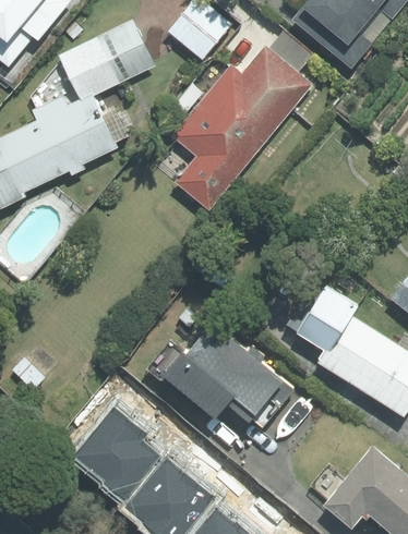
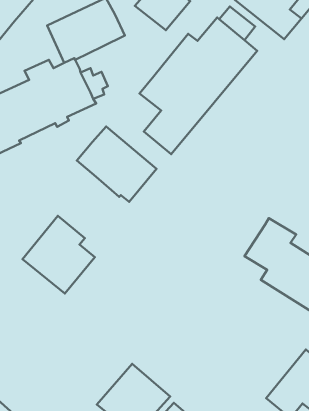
building: none -> [77,127,157,202]
building: [154,319,286,421] -> none
building: [68,408,155,501] -> [22,216,95,293]

